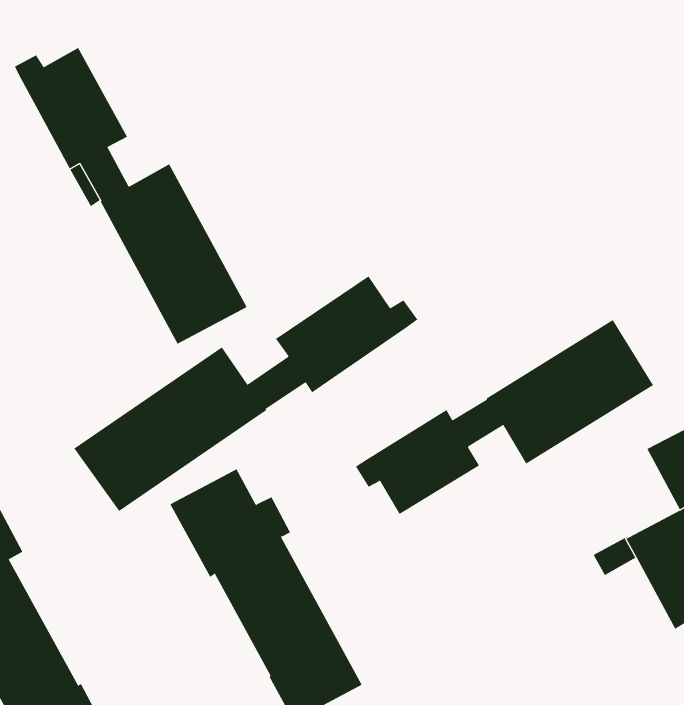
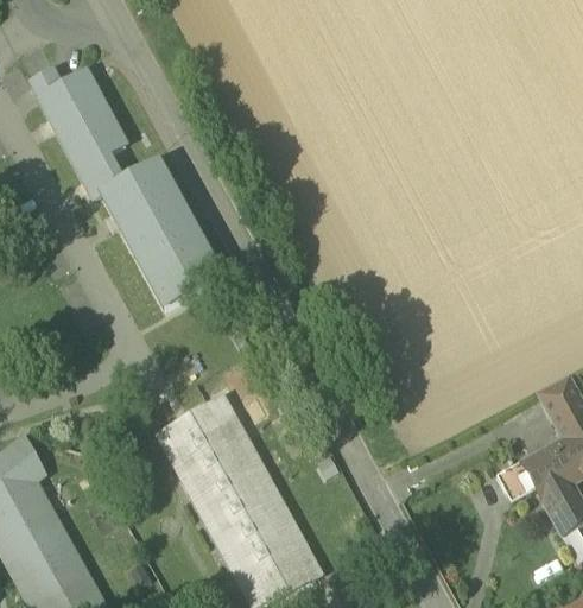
building: [73,275,418,512] -> none
building: [355,319,654,515] -> none

